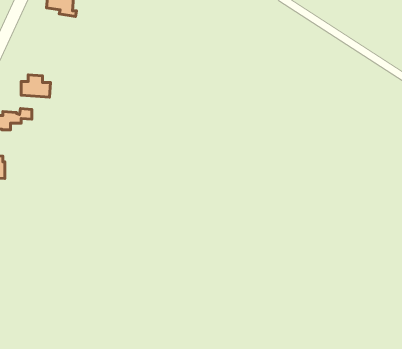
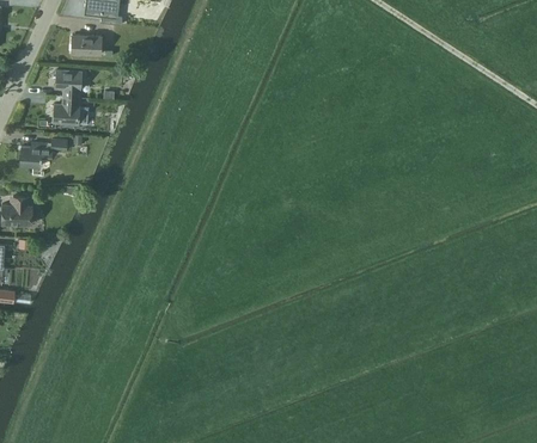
building: none -> [72,33,103,54]
building: none -> [56,69,83,97]

